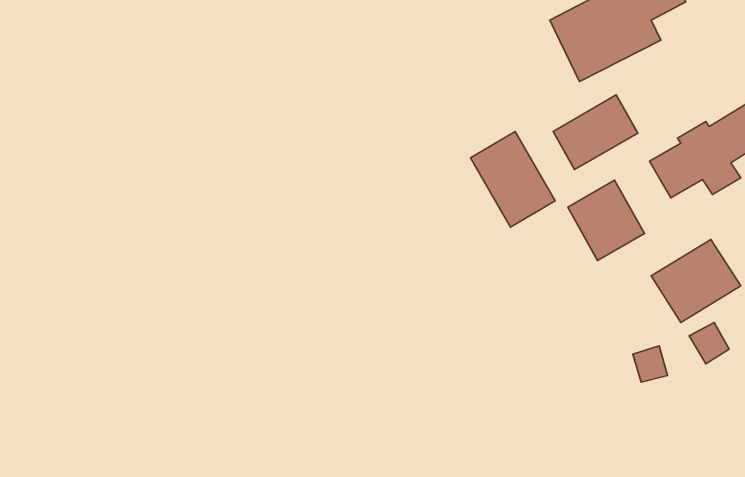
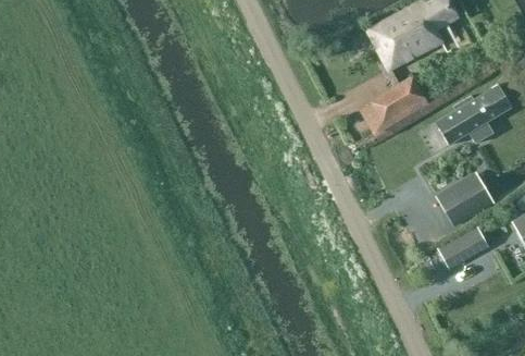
building: [471,132,555,227] -> none
building: [568,180,644,261] -> none

